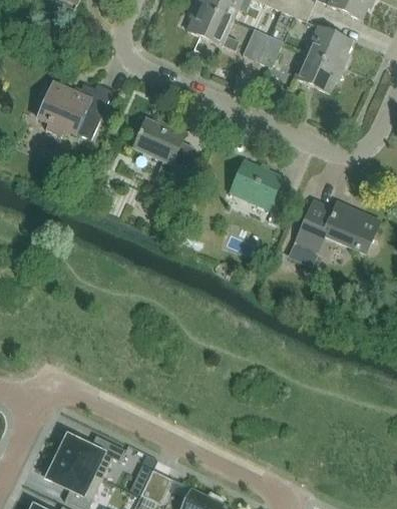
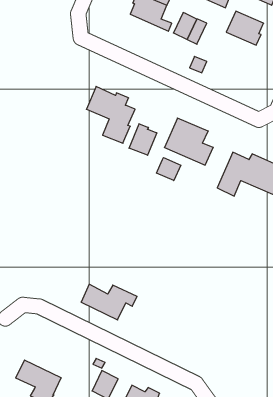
building: [294,51,342,91] -> none
building: [36,81,111,138] -> none
building: none -> [129,124,157,155]
building: none -> [157,158,181,181]
building: [56,434,125,478] -> [81,284,137,320]

